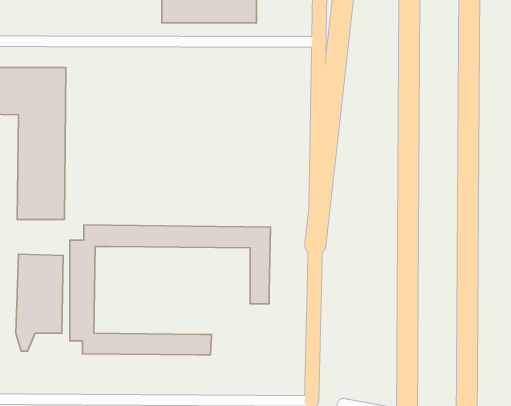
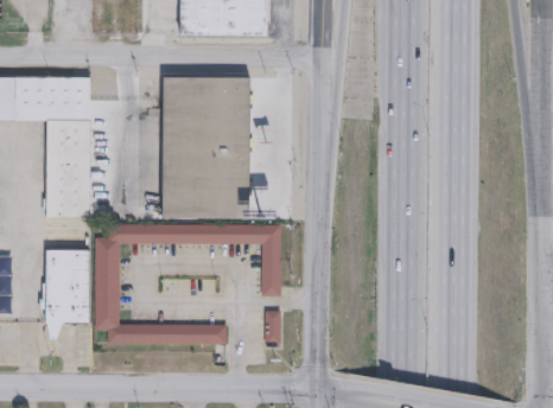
building: none -> [160,77,252,219]
building: none -> [263,311,280,344]

